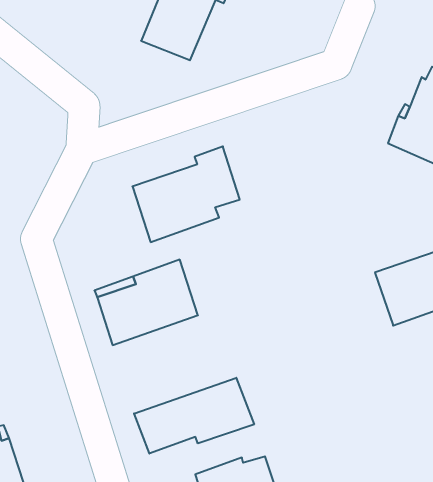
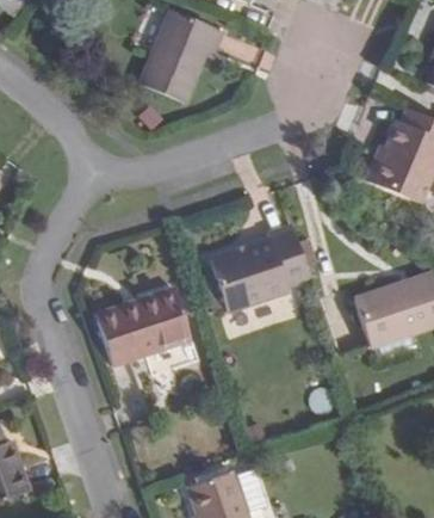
building: [132,146,240,242] -> [209,223,308,312]
building: [134,378,254,454] -> none

